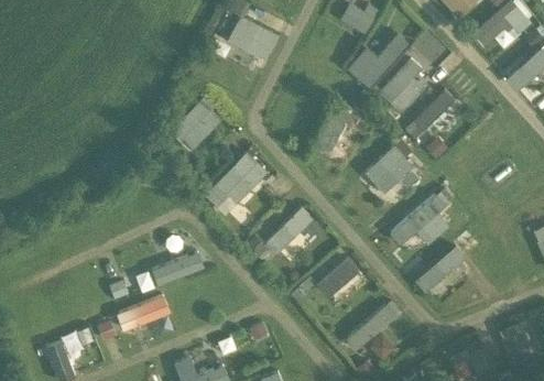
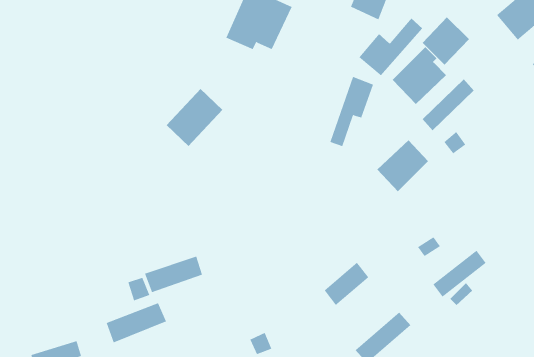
building: [203,150,269,216] -> none
building: [388,196,449,243] -> none
building: [264,205,322,263] -> none

